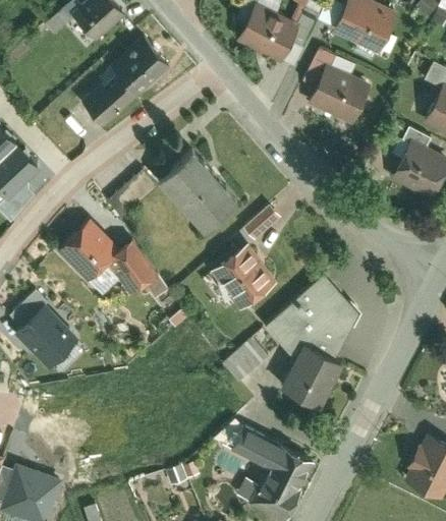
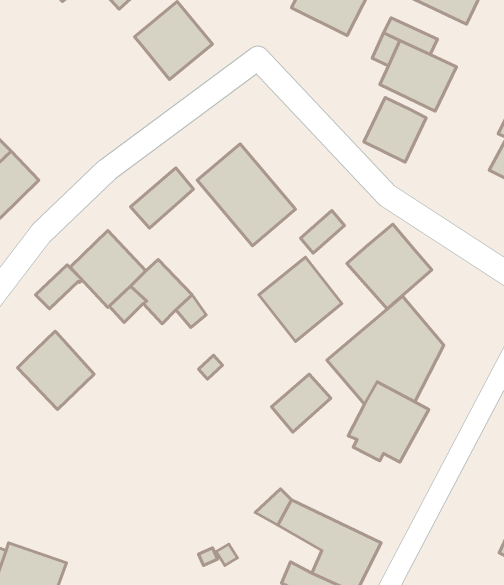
building: [82,70,138,125] -> none
building: none -> [364,97,426,162]
building: none -> [347,224,432,309]
building: [11,288,49,324] -> [36,265,82,309]

